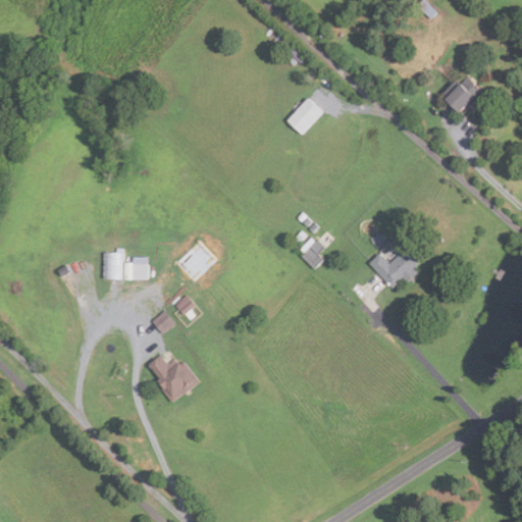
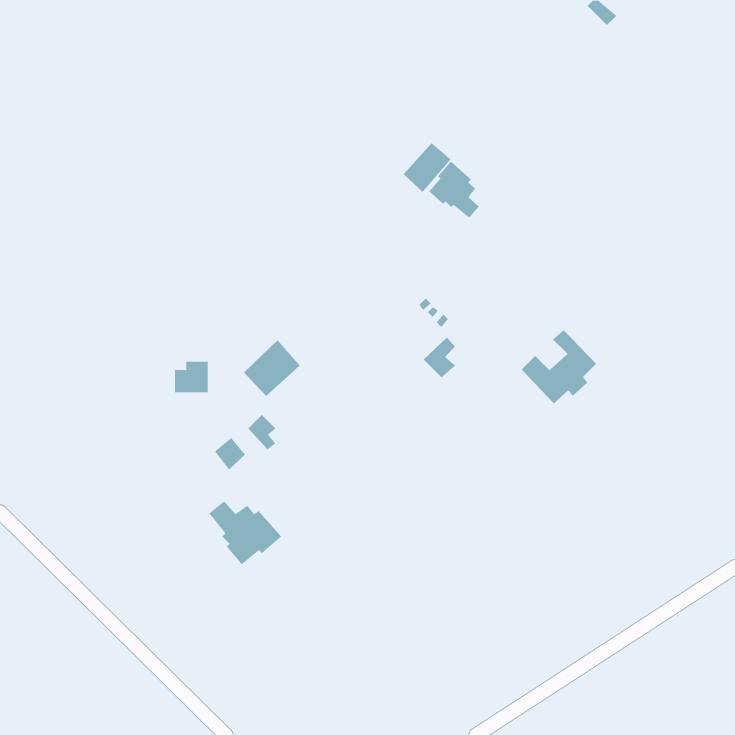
building: [443,76,483,112] -> none
building: none -> [428,161,479,219]
building: [103,252,123,278] -> none

